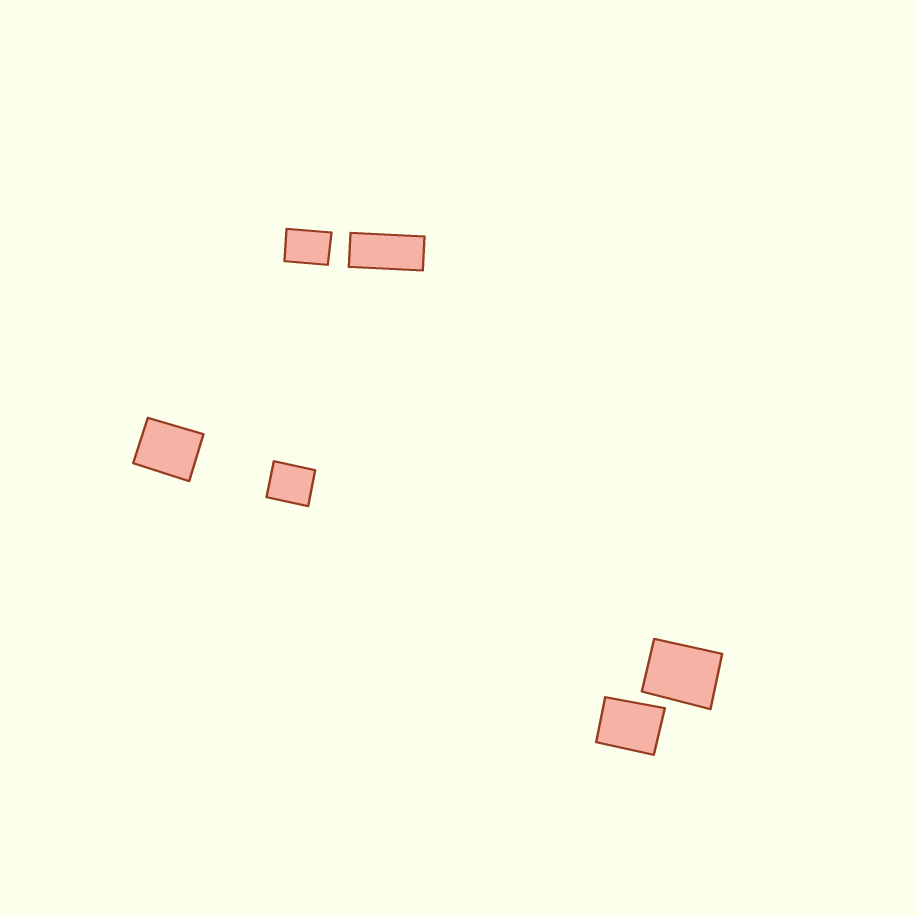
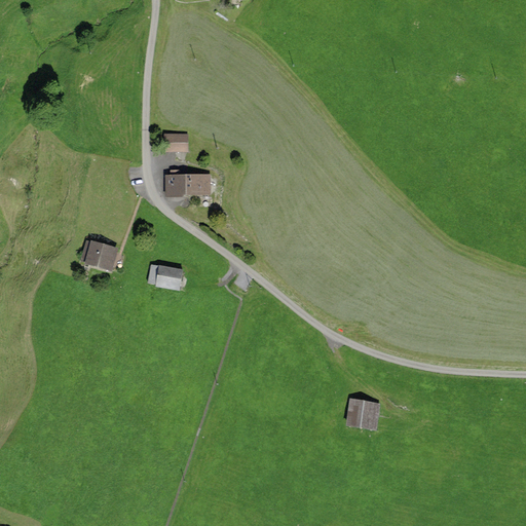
building: [349,233,425,271] -> [167,176,211,197]
building: [642,639,722,709] -> none

